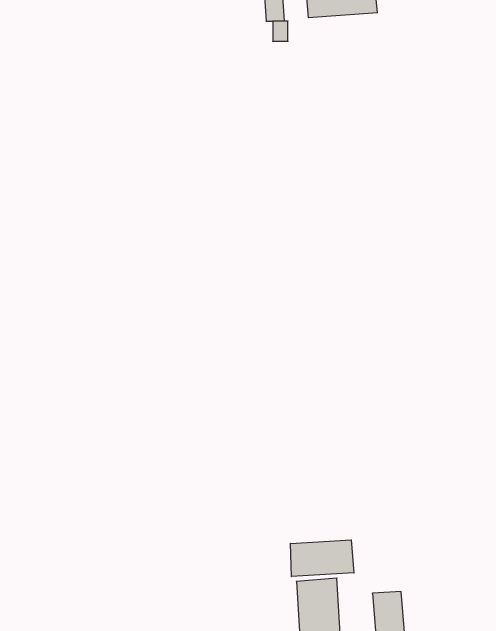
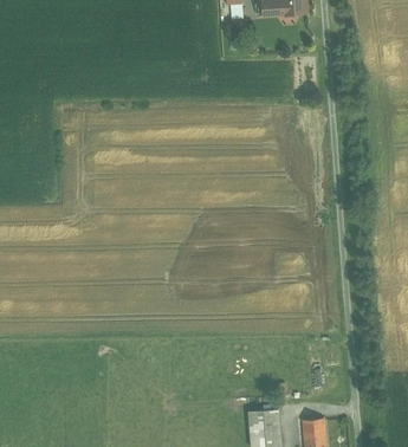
building: [290,540,354,577] -> none

